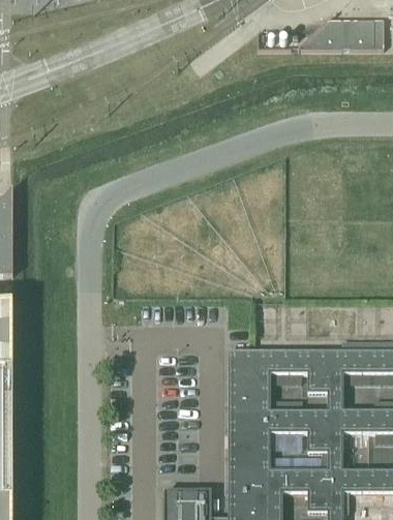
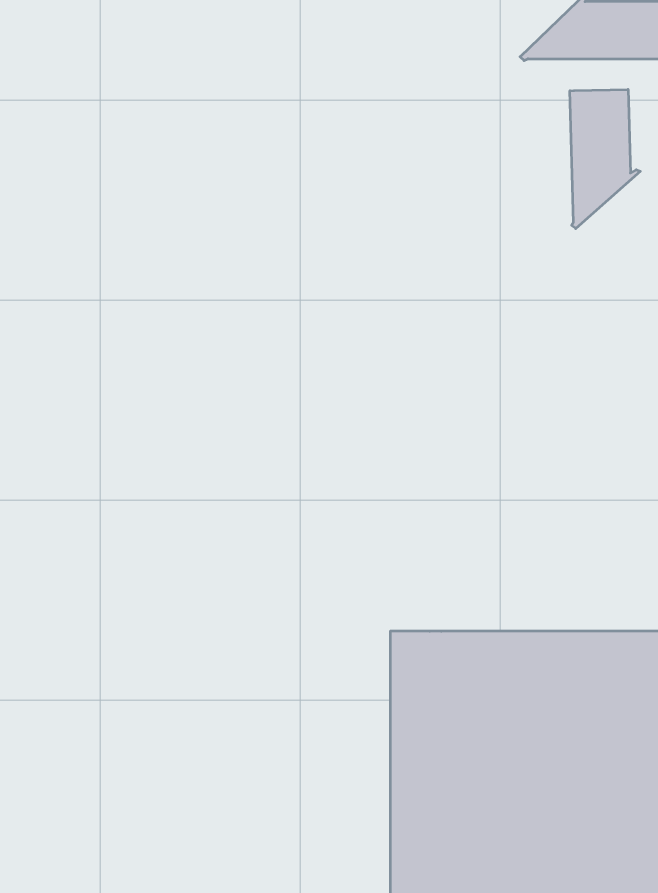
building: none -> [570,89,640,229]

